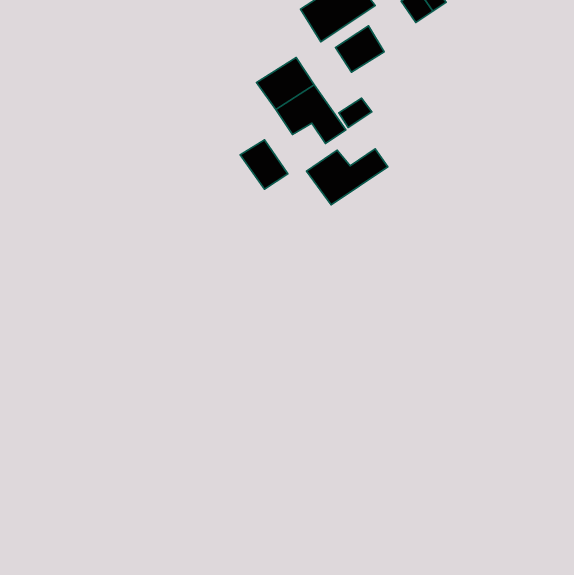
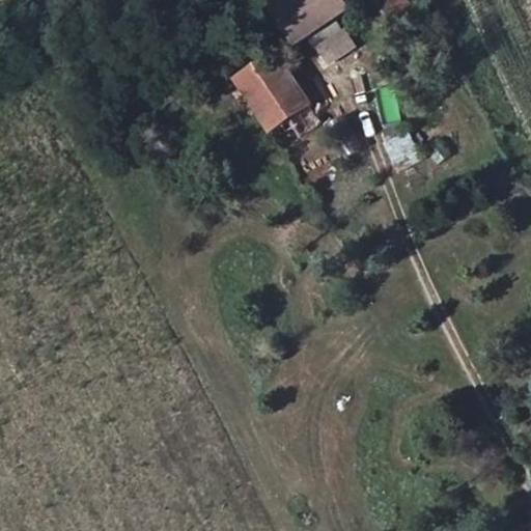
building: [240,140,288,189] -> none
building: [307,149,388,205] -> none

